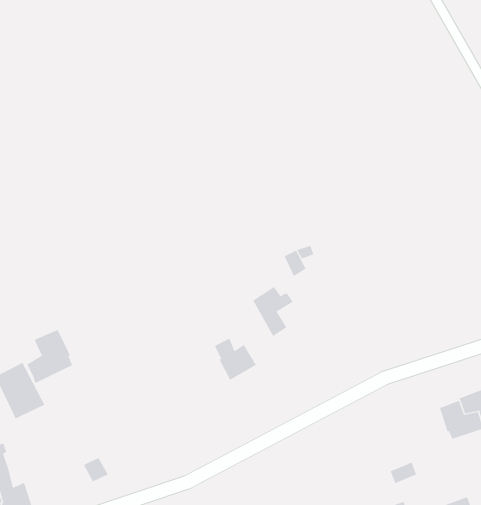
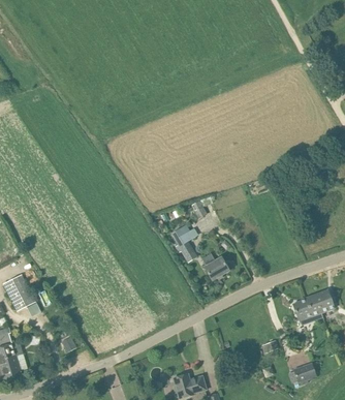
building: [26,329,73,384] -> none
building: [214,338,257,381] -> [201,252,229,280]

